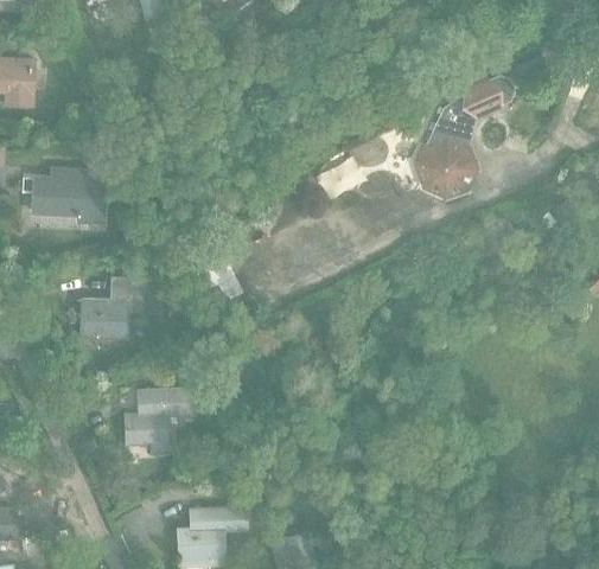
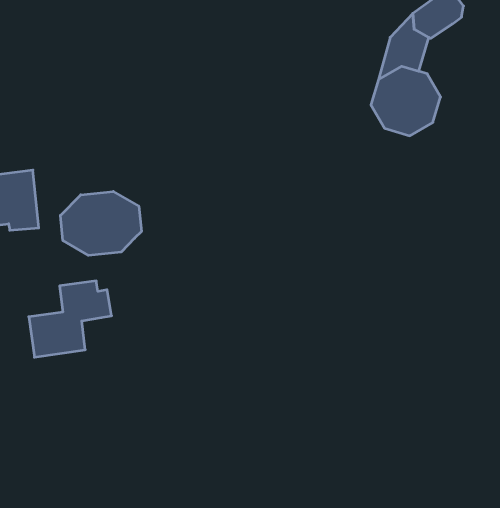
building: none -> [60,191,141,255]
building: [122,390,195,453] -> none

